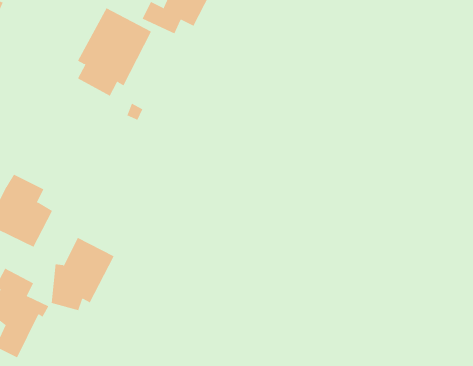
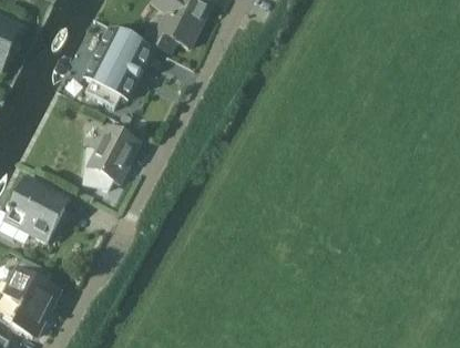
building: [51,237,114,311] -> [83,125,139,190]

